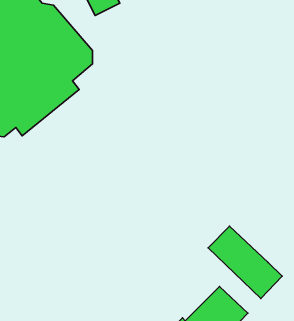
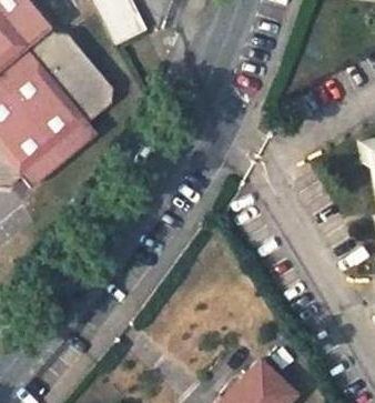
building: [208,226,282,299] -> none

